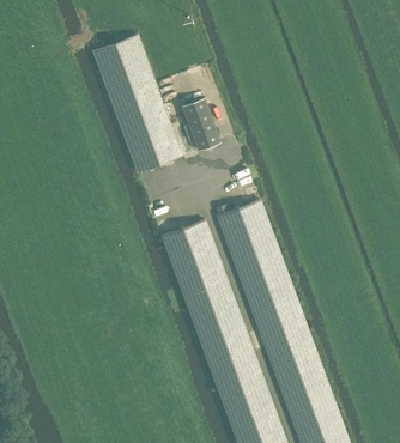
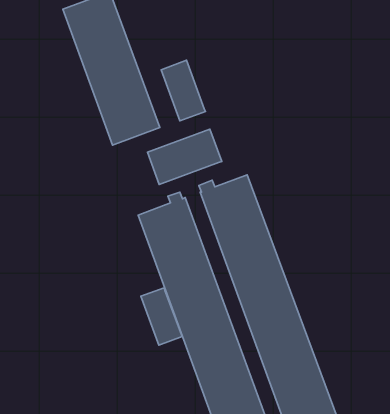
building: none -> [147,129,222,185]
building: none -> [141,288,182,345]

